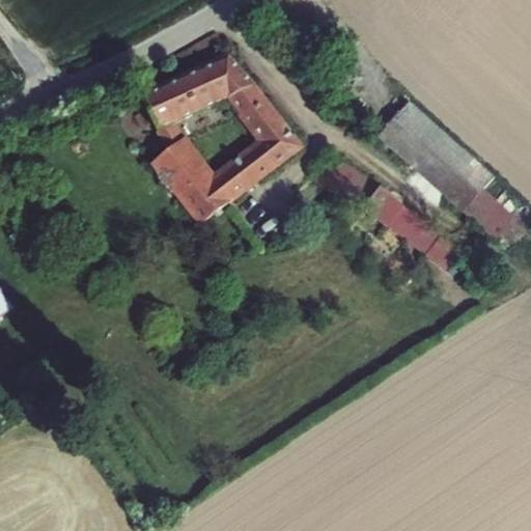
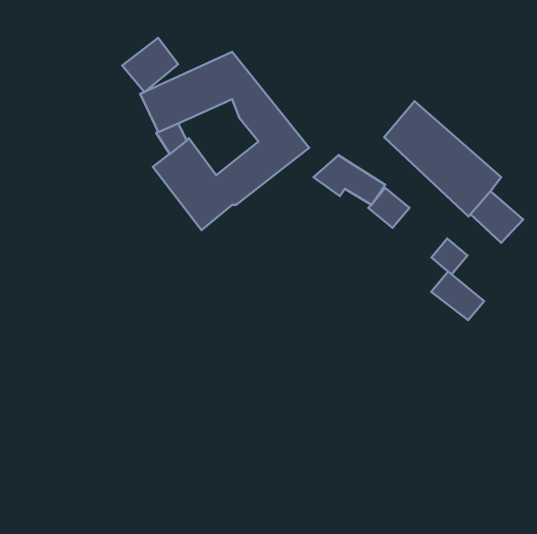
building: none -> [122,38,178,92]
building: [386,204,438,252] -> [431,272,484,320]

